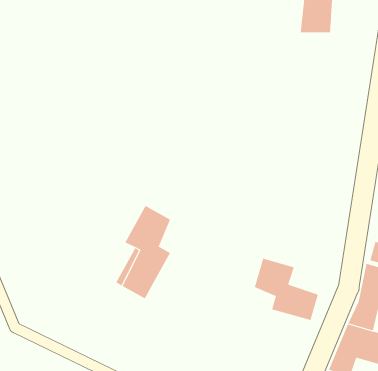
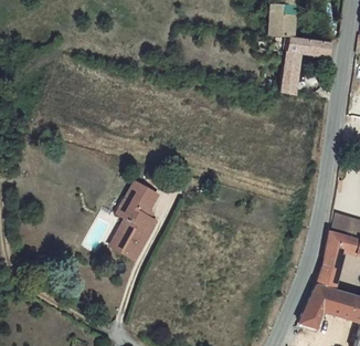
building: none -> [282,36,332,93]
building: [254,258,319,321] -> none

